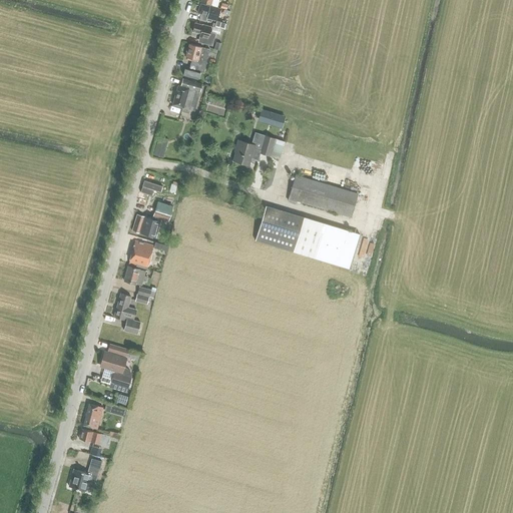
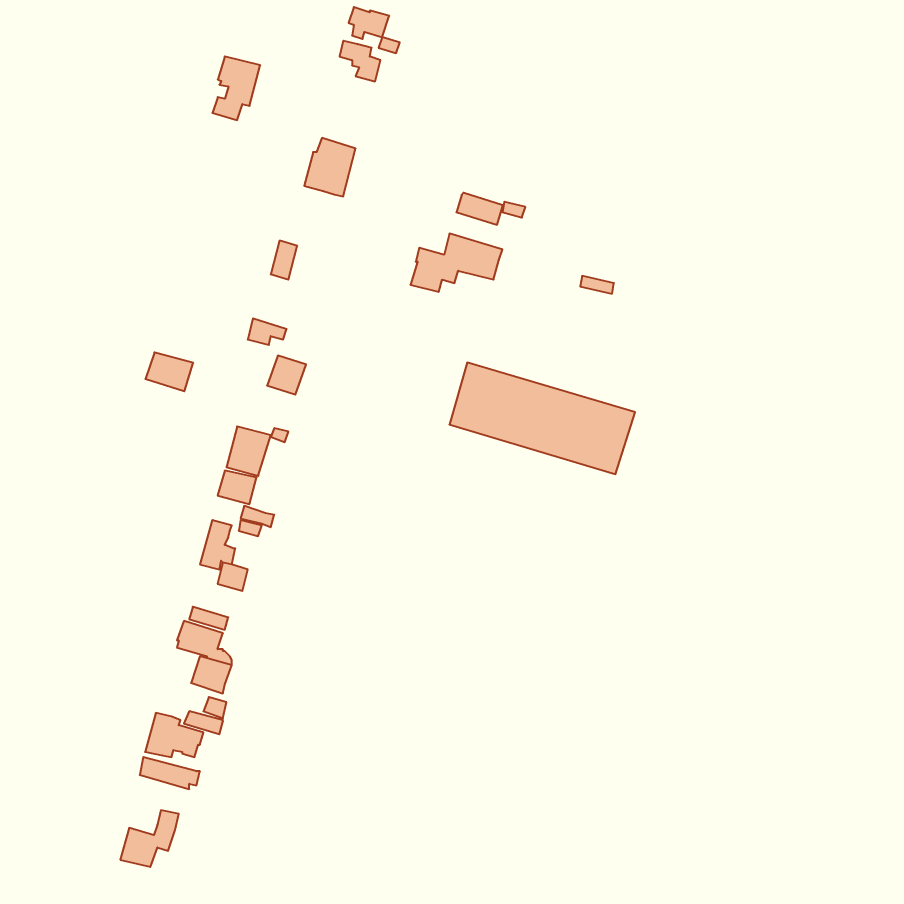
building: [182,44,209,80] -> [212,56,260,120]
building: [289,175,357,217] -> none
building: [132,215,159,237] -> [145,352,193,391]

